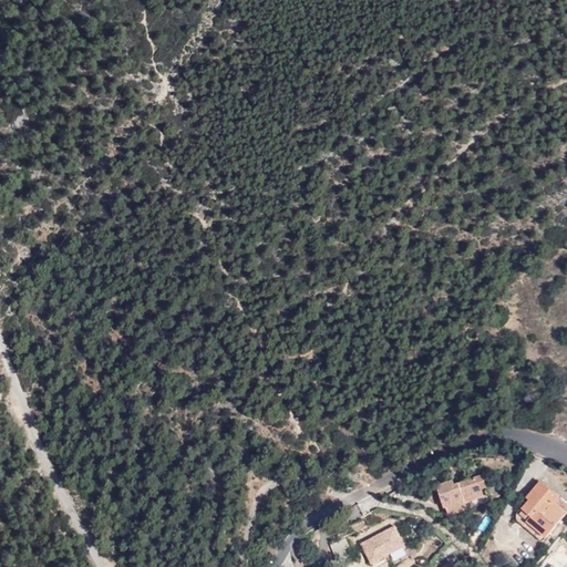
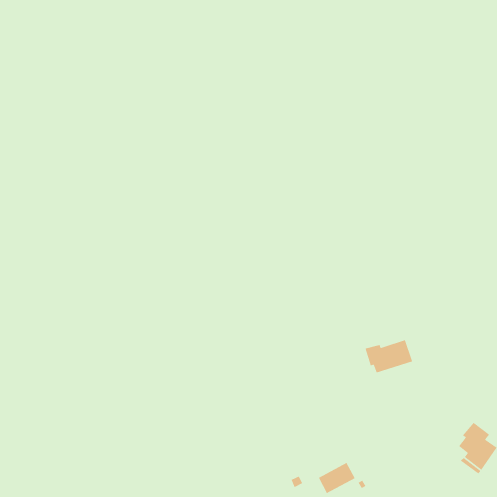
building: [434,476,489,515] -> [364,339,413,373]

